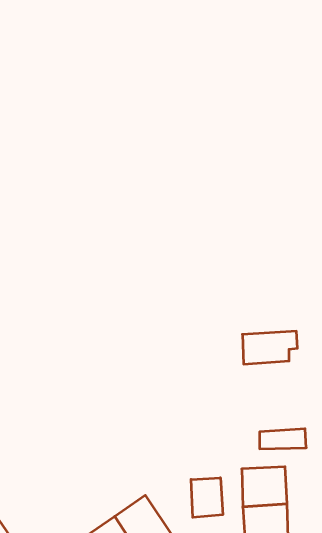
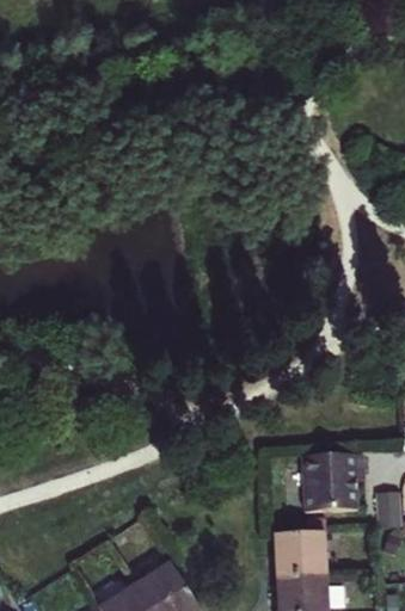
building: [242,331,297,364] -> [295,452,357,489]
building: [191,478,223,517] -> none

